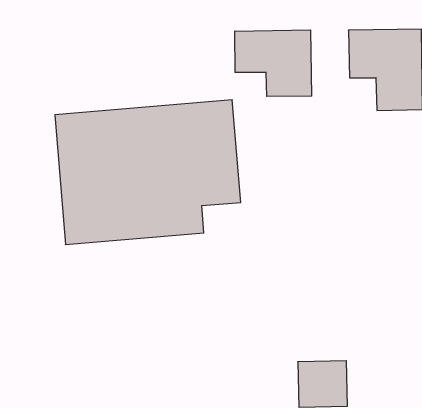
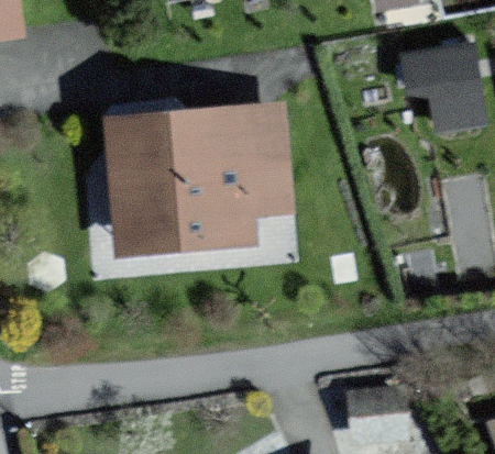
building: [235,30,312,96] -> none

